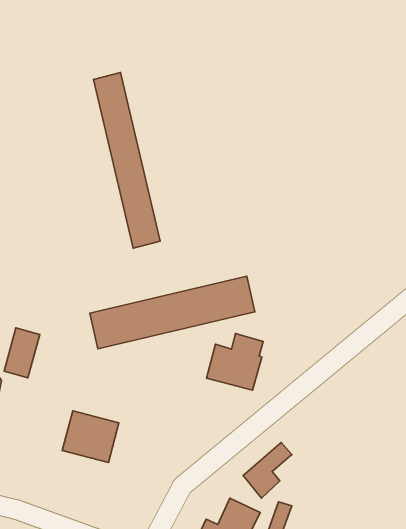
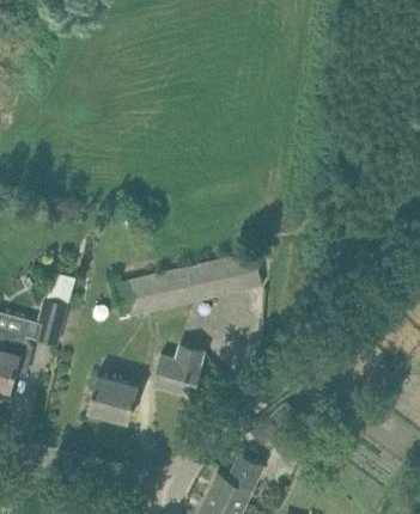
building: [93,73,160,248] -> none
building: [206,333,263,390] -> [151,344,202,396]

